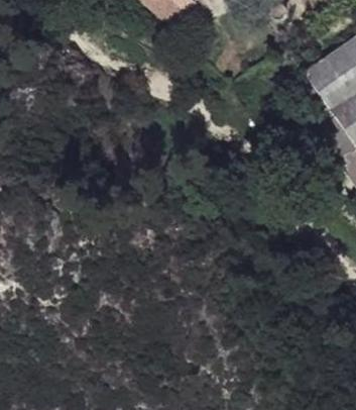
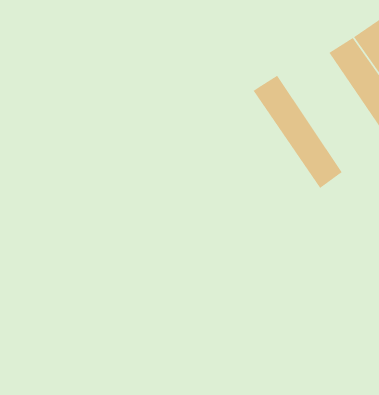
building: none -> [253,75,342,189]

